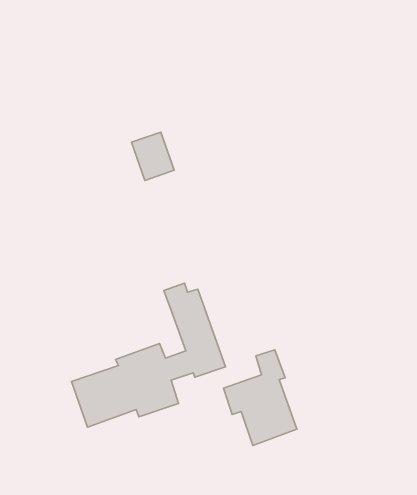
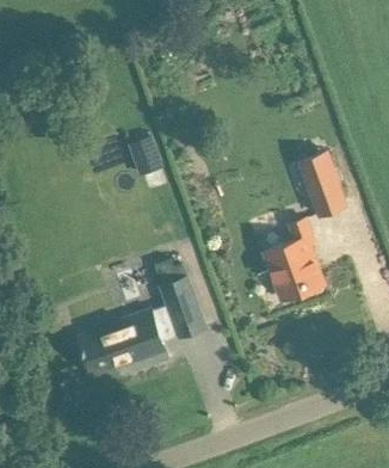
building: none -> [298,152,348,218]
building: [223,350,297,445] -> [264,221,323,298]

